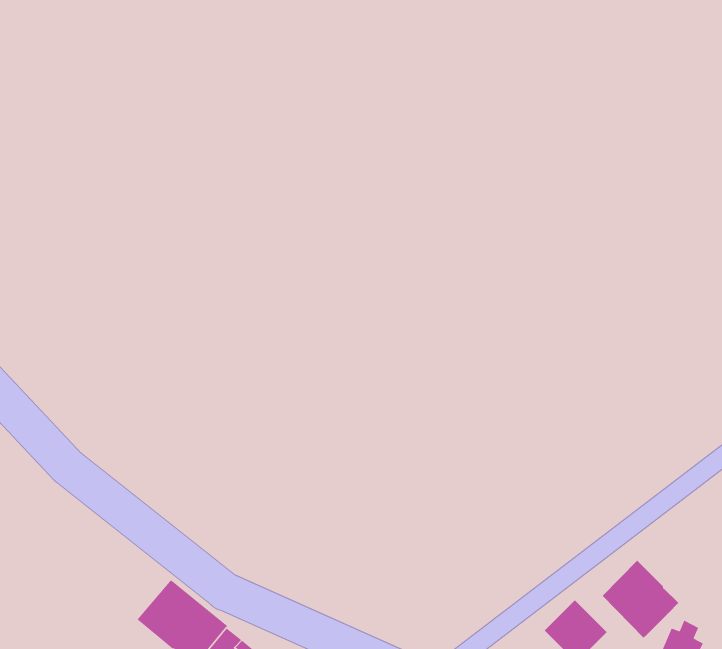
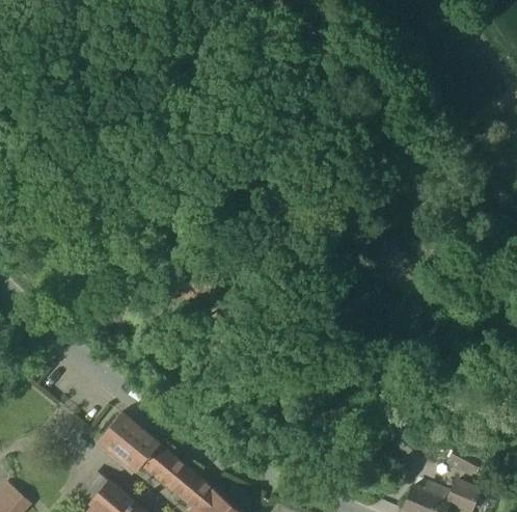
building: [602,560,679,639] -> none

